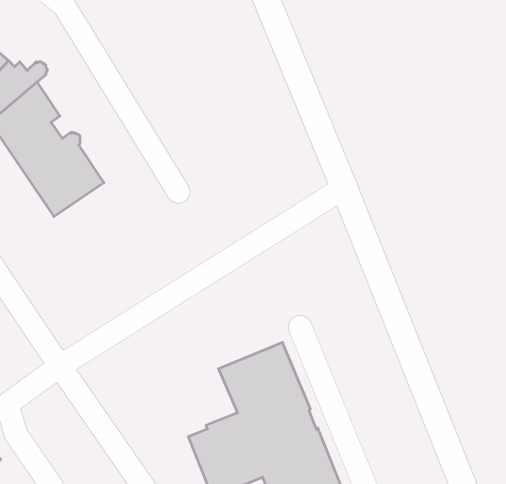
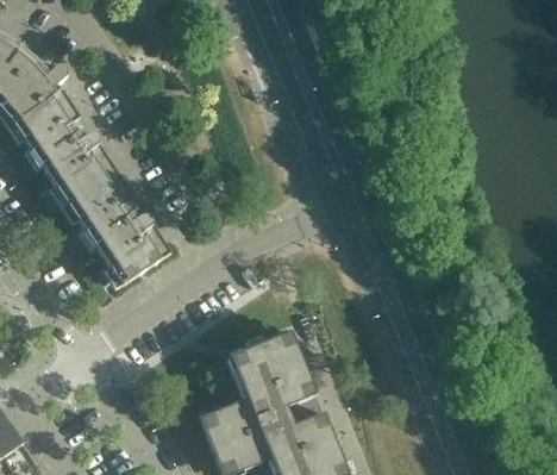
building: none -> [73,179,170,283]

